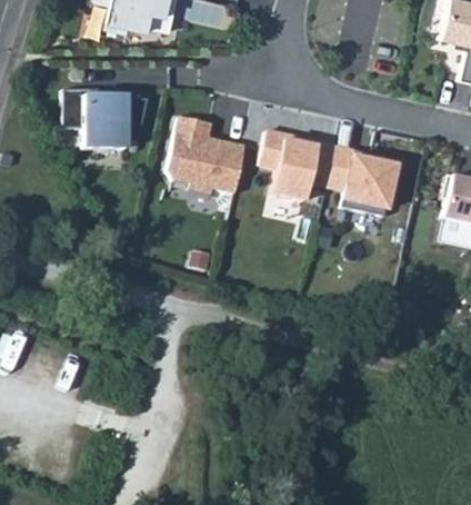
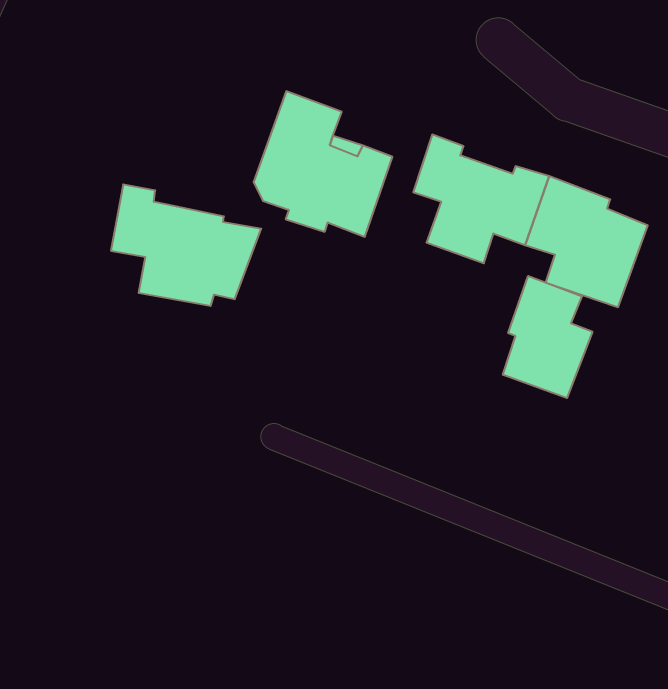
building: [66,83,150,147] -> [111,184,261,306]
building: none -> [503,276,592,398]

